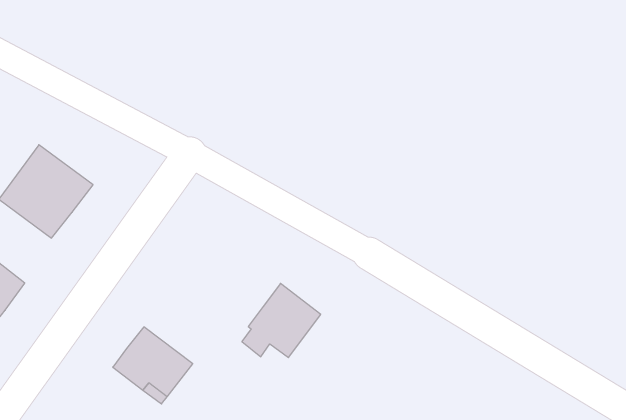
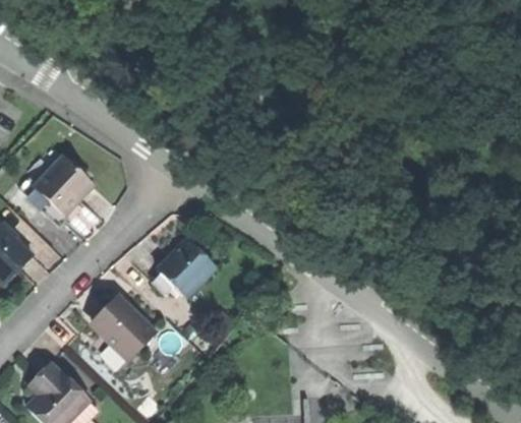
building: [242,283,321,358] -> [151,237,214,295]

